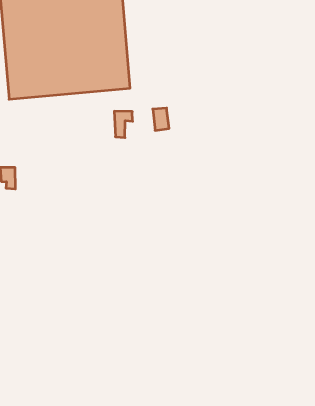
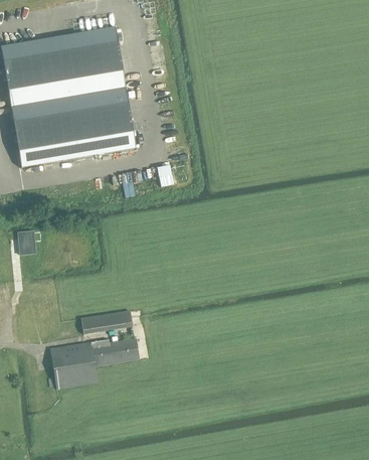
building: none -> [81,307,133,328]
building: none -> [50,337,139,389]

